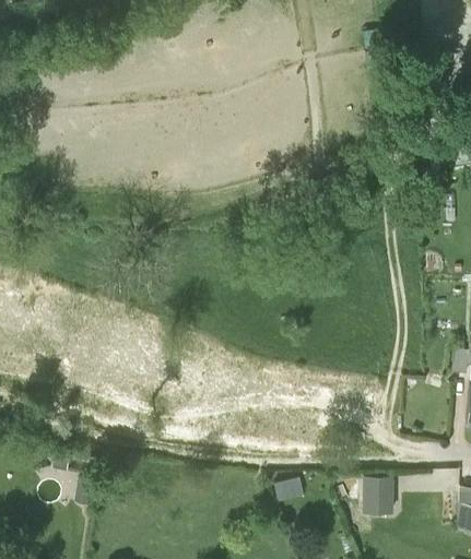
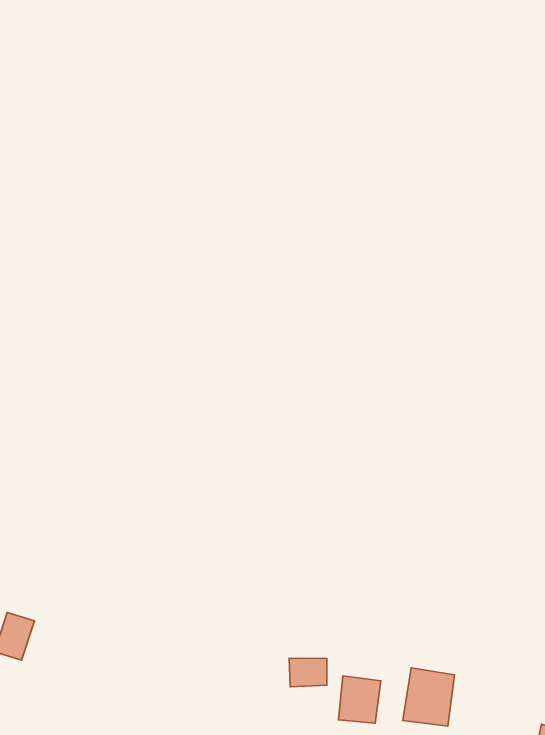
building: none -> [339,676,381,723]

